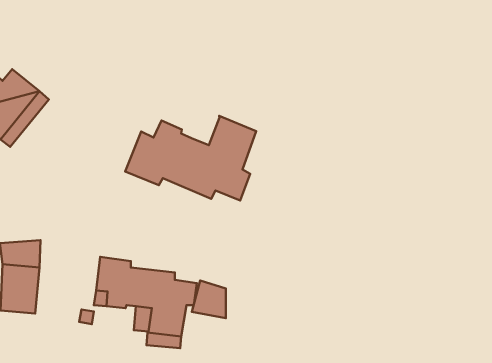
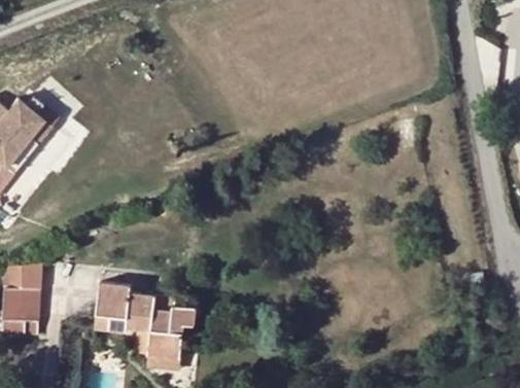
building: [125,116,256,200] -> none
building: [192,280,226,318] -> none

